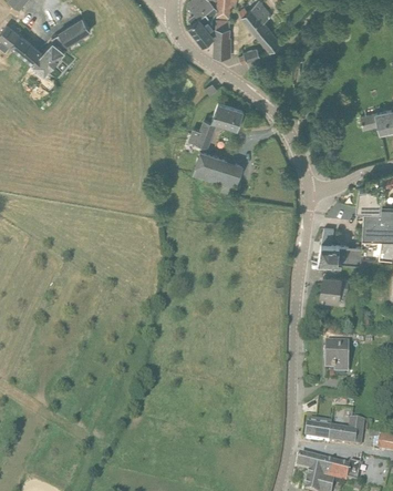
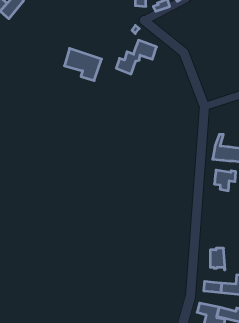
building: [194,152,244,195] -> [64,48,102,81]
building: [328,342,348,371] -> [210,248,225,270]

